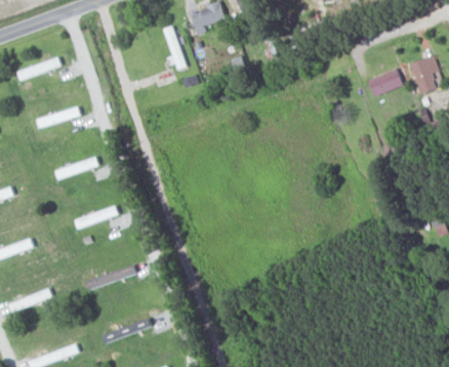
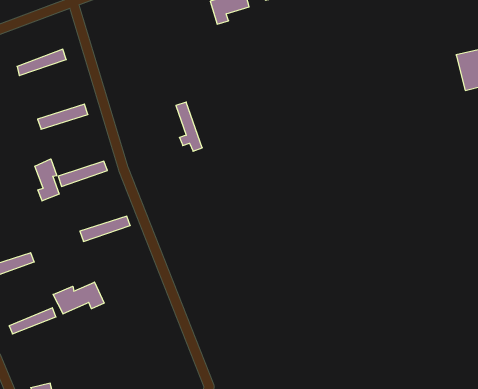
building: [163,26,187,70] -> [176,102,202,151]
building: [368,69,404,96] -> none
building: none -> [35,159,59,201]
building: none -> [53,282,104,314]

